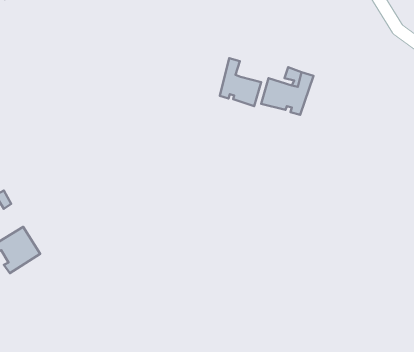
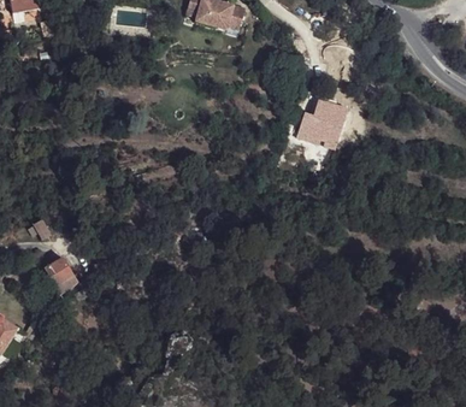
building: [220,58,261,106] -> none

